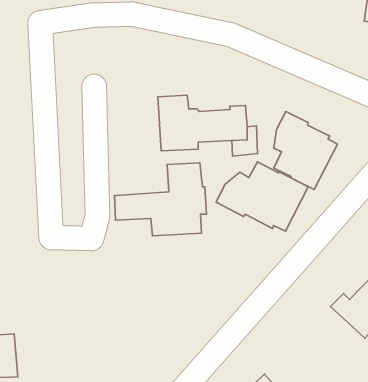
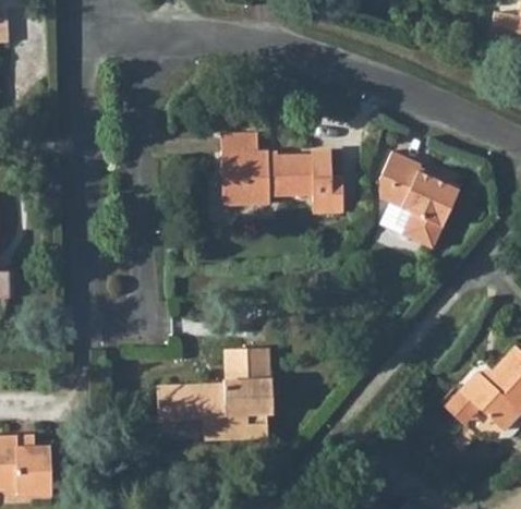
building: [216,162,308,231] -> none
building: [115,163,207,236] -> [167,347,283,439]

